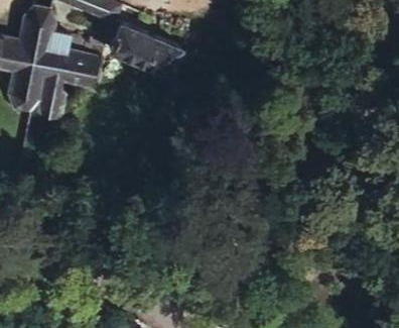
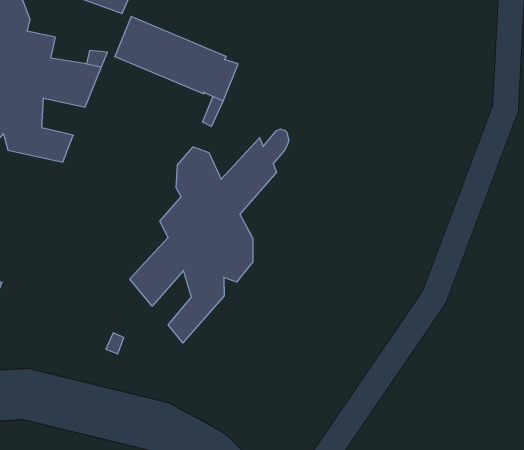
building: none -> [130,129,289,343]

